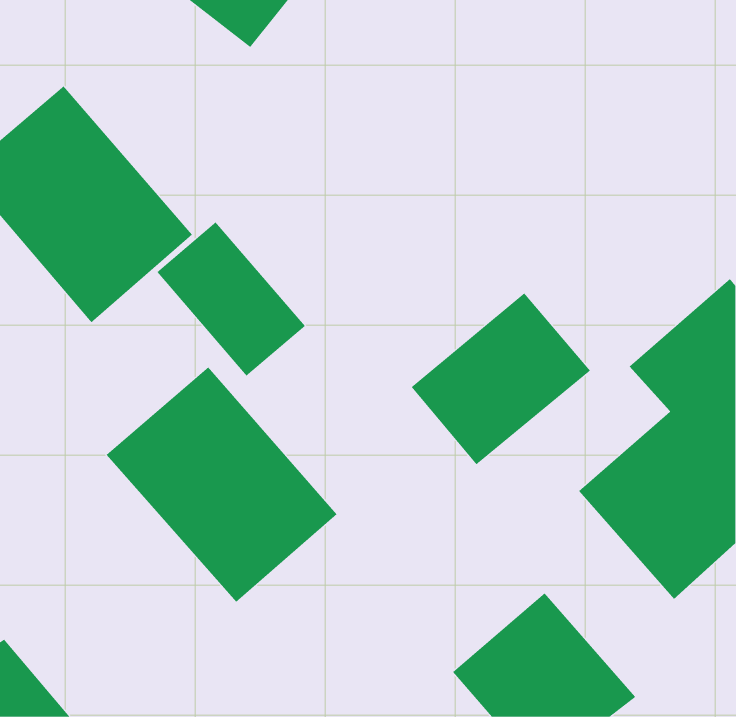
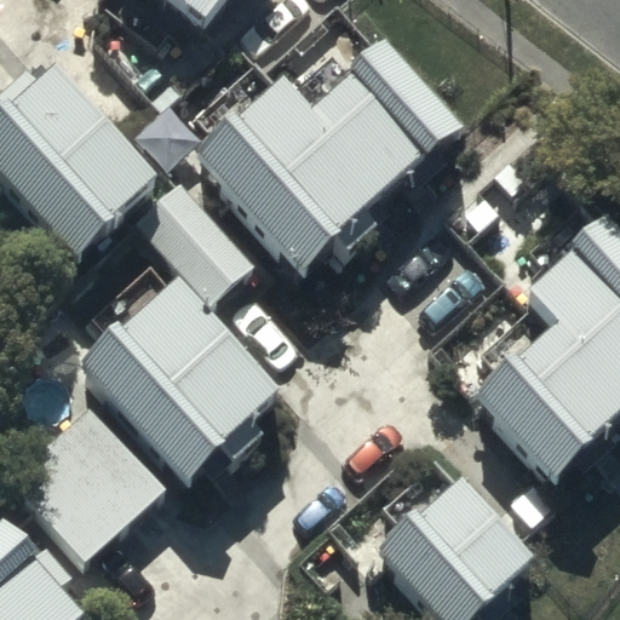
building: none -> [200,67,450,280]
building: [411,292,591,465] -> none
building: none -> [6,411,165,568]

